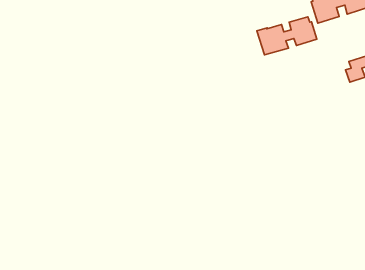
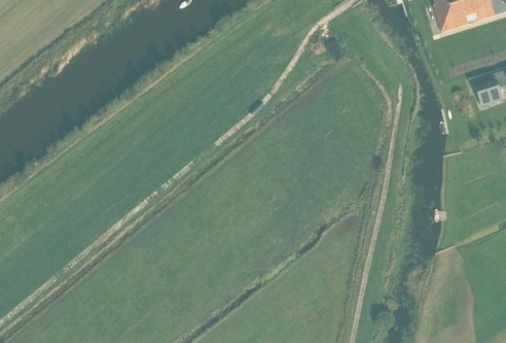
building: [257,17,317,55] -> none

